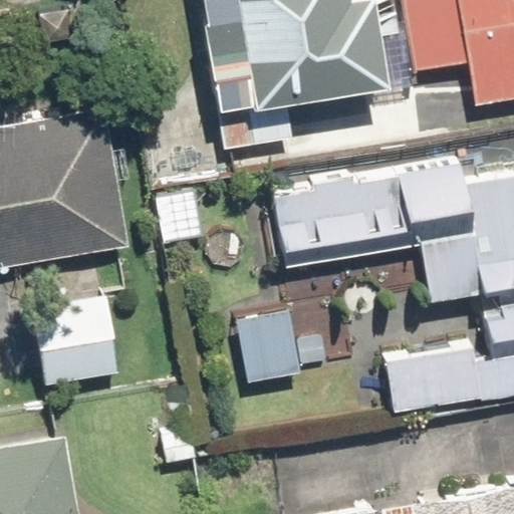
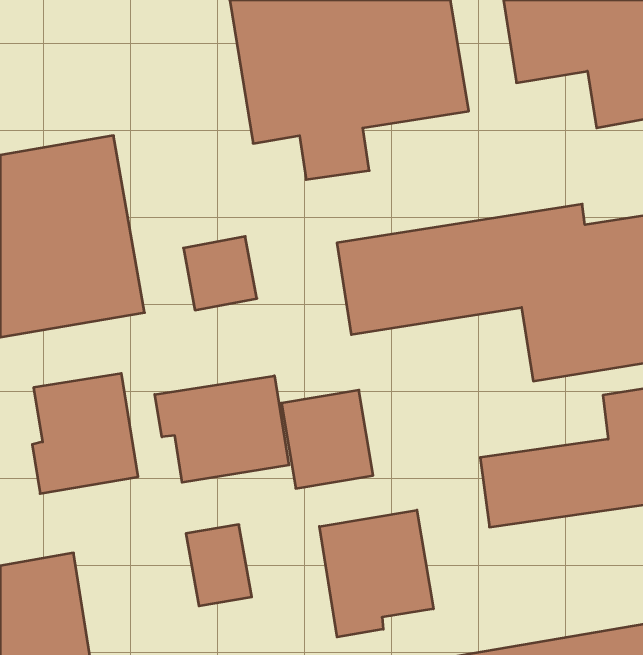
building: none -> [155,376,289,482]
building: none -> [319,510,433,637]

